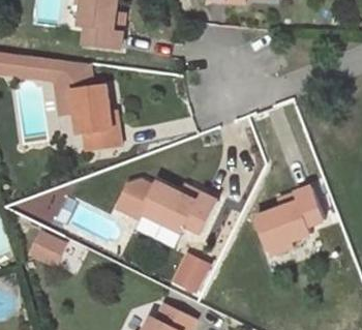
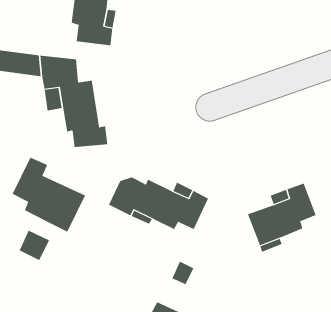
building: none -> [12,157,86,233]

